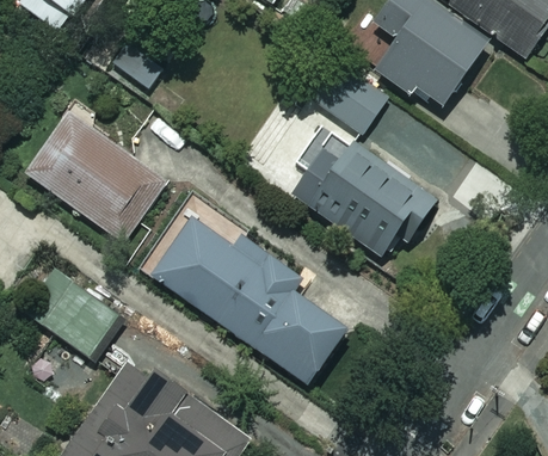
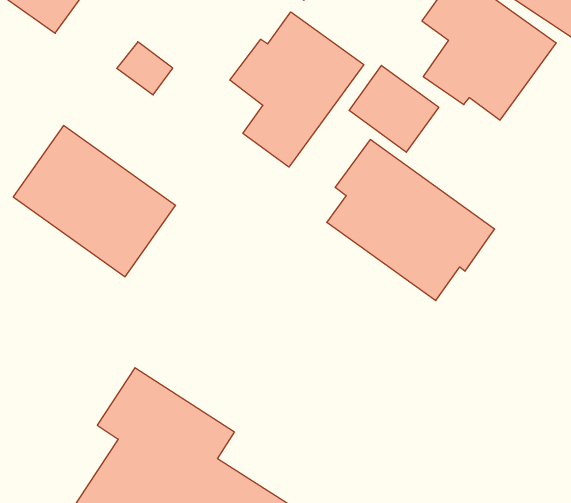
building: none -> [230,12,364,167]
building: [143,211,346,383] -> none
building: [25,269,118,356] -> none

